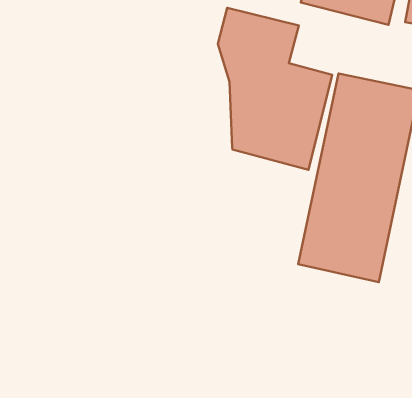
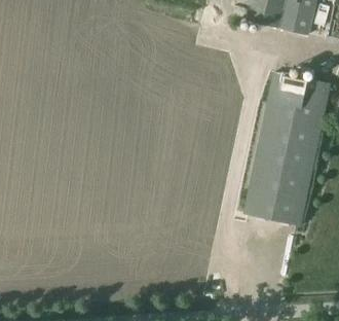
building: [218,8,332,170] -> none

